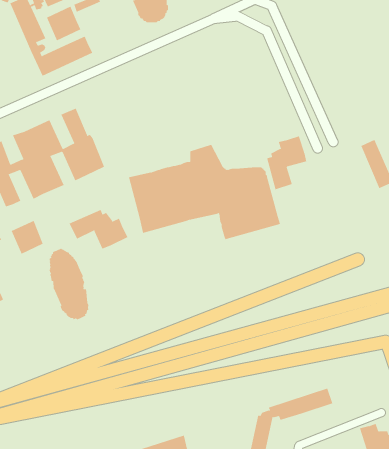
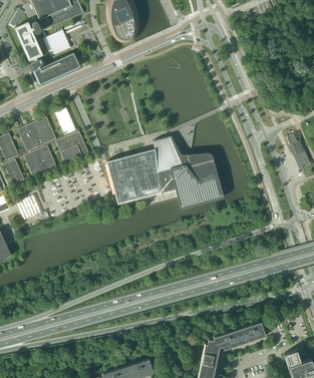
building: [267,135,307,190] -> none
building: [69,209,128,249] -> none
building: [49,248,89,320] -> none

